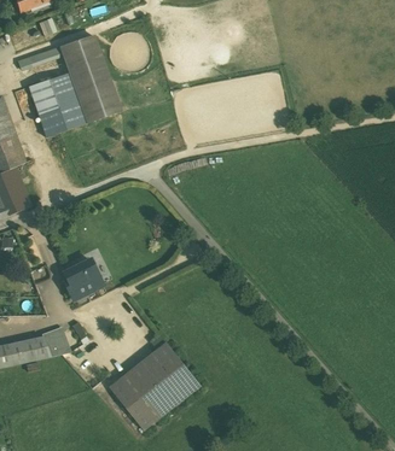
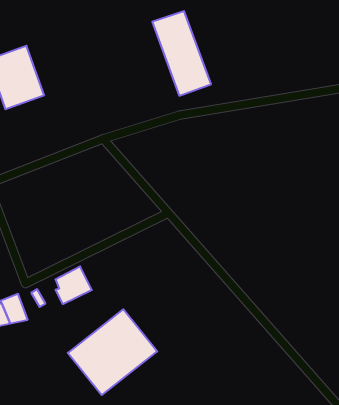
building: [60,35,121,122] -> [152,11,211,96]
building: [64,258,101,297] -> [55,266,92,304]

